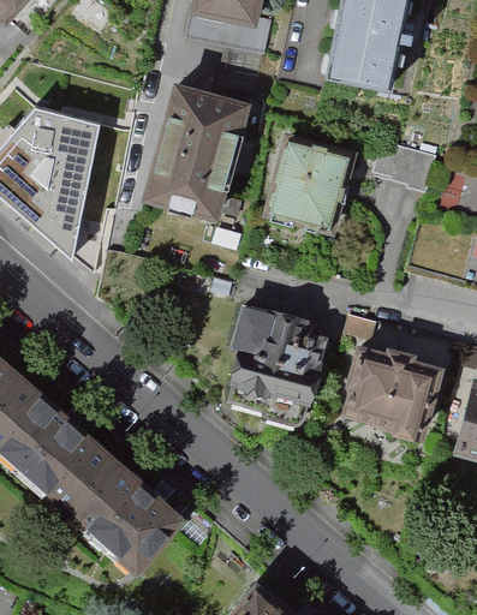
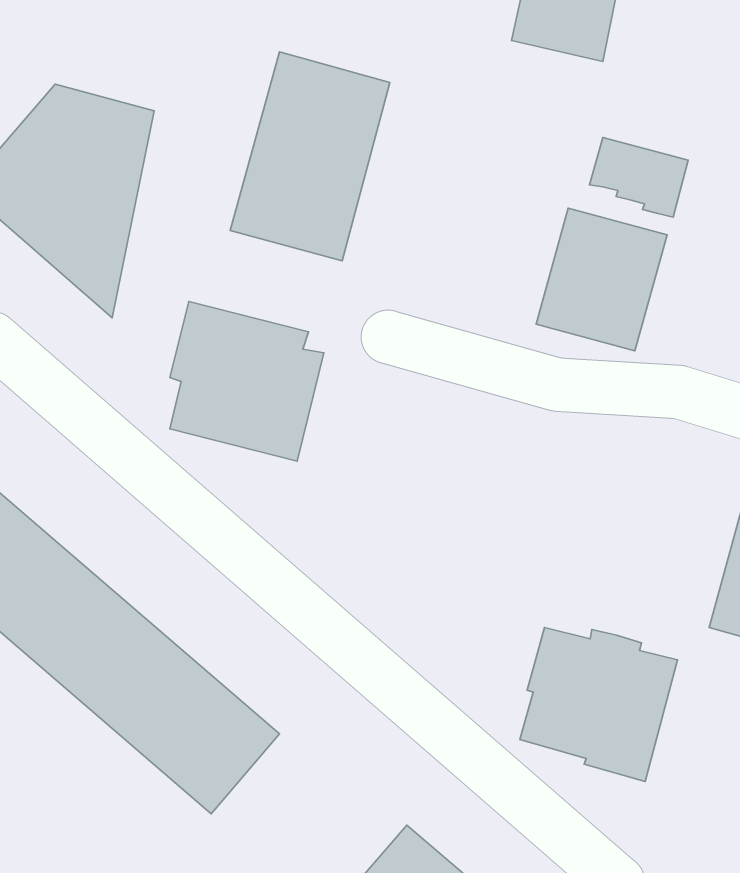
building: [263,144,346,234] -> [536,208,667,351]
building: [231,304,328,405] -> [170,302,324,461]
building: [346,348,446,446] -> [520,628,677,781]

